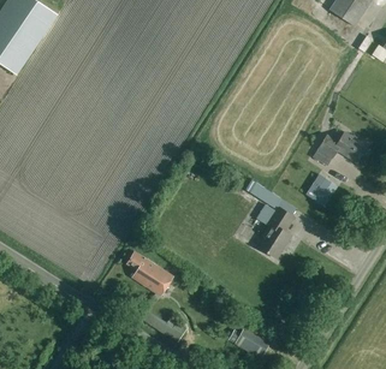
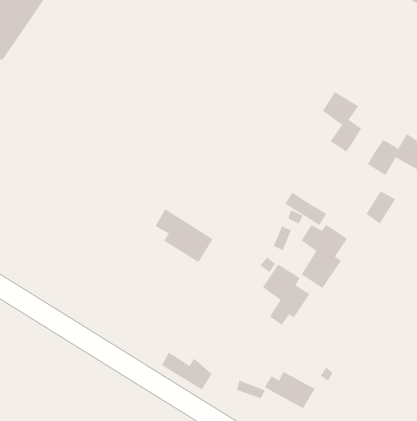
building: none -> [322,91,362,152]
building: none -> [262,264,310,325]
building: [124,251,172,296] -> [155,208,213,263]

